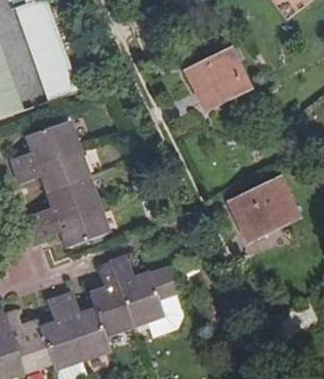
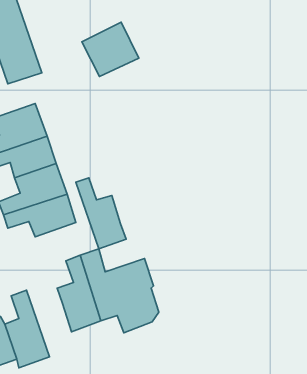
building: [192,58,245,110] -> [82,22,139,77]
building: [235,186,296,240] -> none
building: [59,287,107,353] -> [76,178,126,249]

